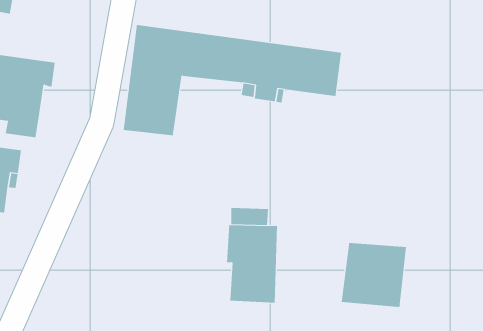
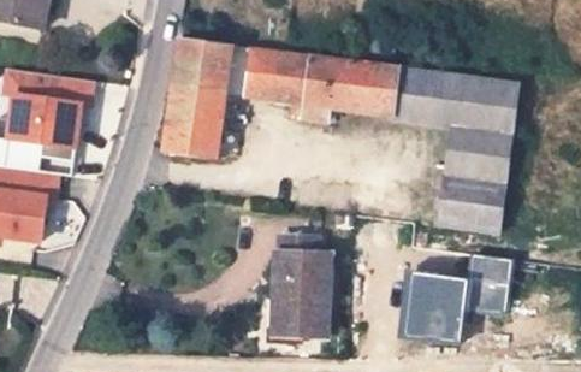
building: none -> [392,69,518,232]
building: none -> [466,253,512,313]

